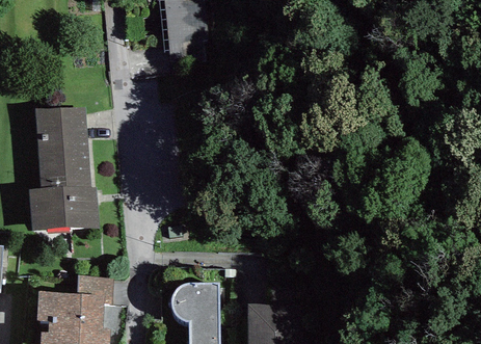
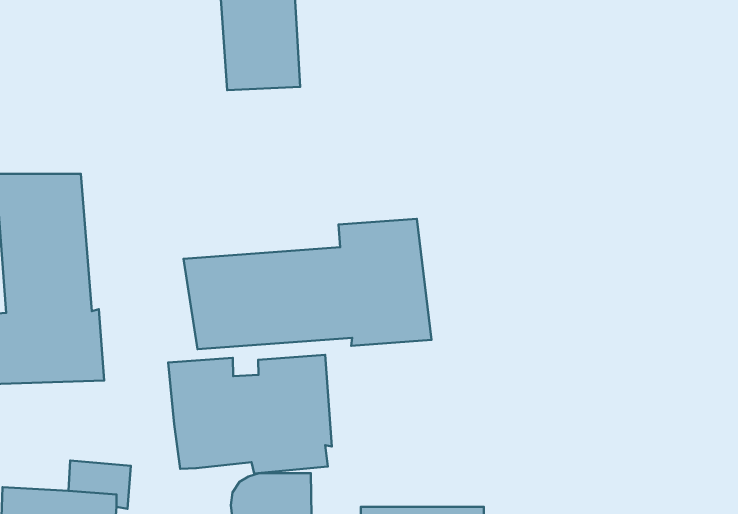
building: none -> [184,219,431,349]
building: none -> [168,355,332,474]

